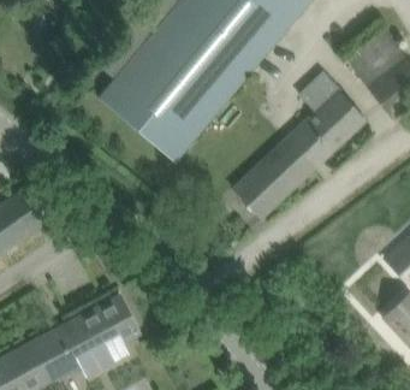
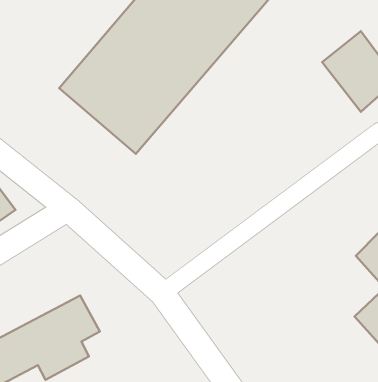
building: [231,75,364,218] -> none

